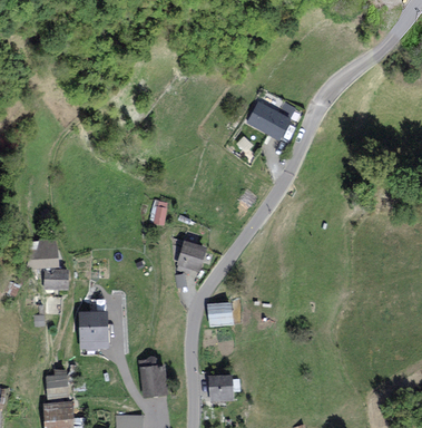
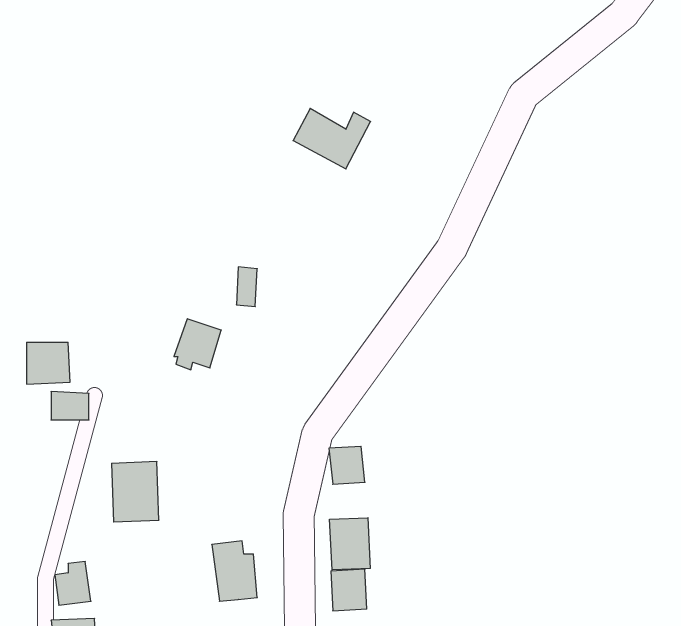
building: [248,103,294,138] -> [293,108,371,169]
building: [177,242,205,272] -> [174,319,221,370]
building: none -> [330,518,370,570]

